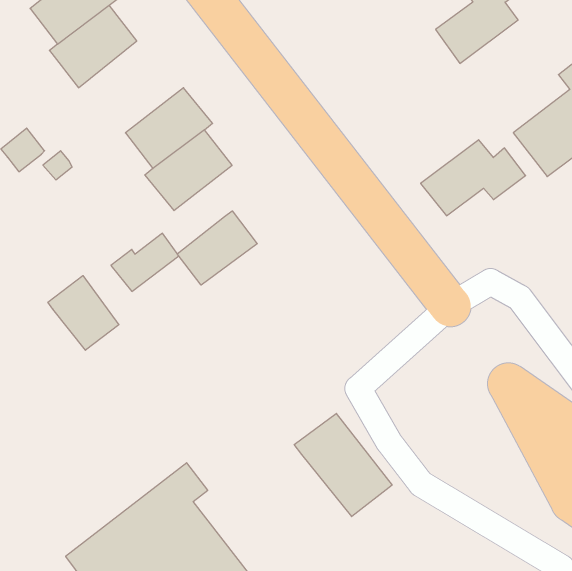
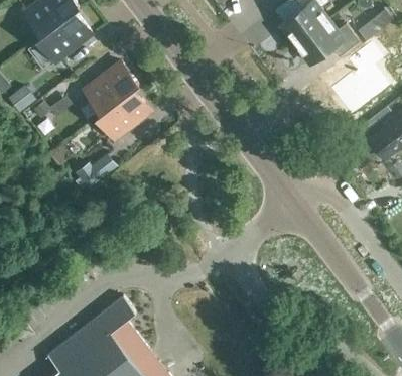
building: [421,140,526,216] -> [292,20,358,68]
building: [177,211,257,285] -> none
building: [48,276,119,350] -> none
building: [294,413,392,517] -> none

